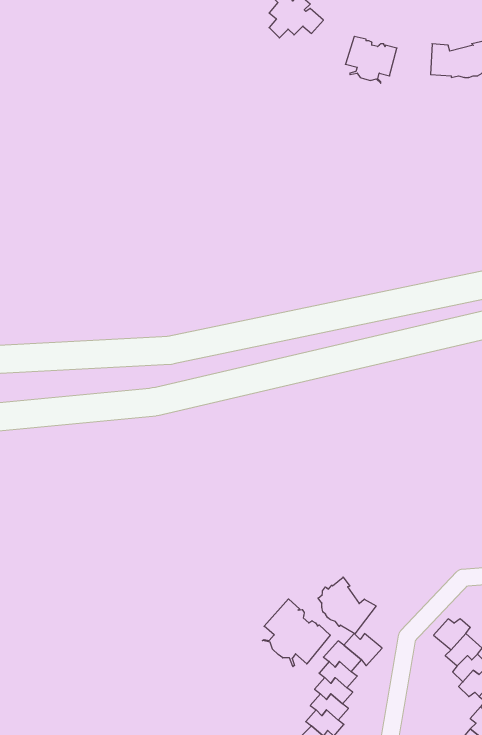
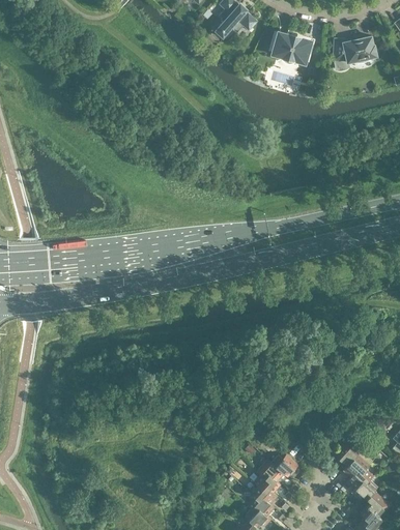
building: [318,577,376,634] -> none
building: [262,599,330,667] -> none

